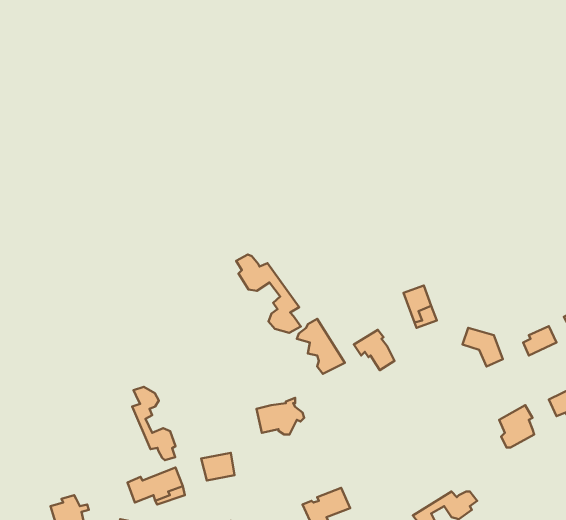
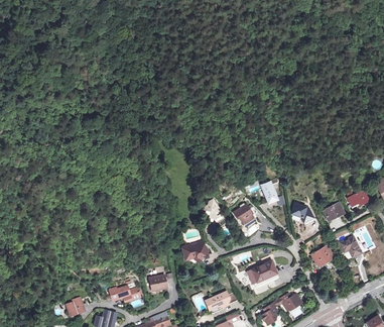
building: [236,255,301,333] -> none
building: [132,387,176,460] -> none
building: none -> [246,260,277,286]

